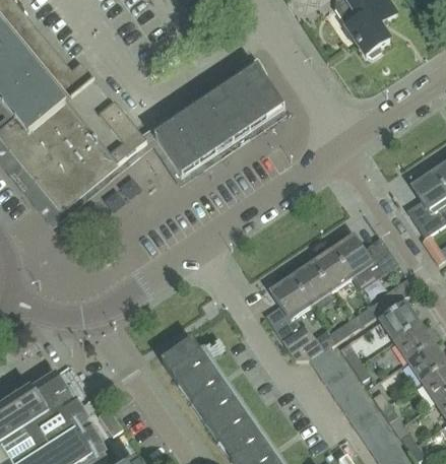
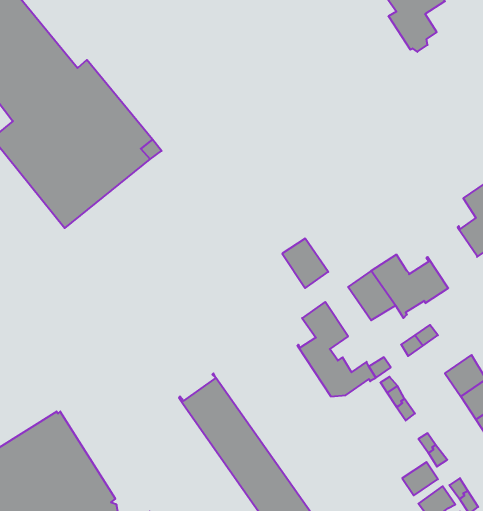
building: [150,60,284,176] -> none
building: [291,262,331,306] -> [282,239,328,288]
building: [383,302,420,338] -> none
building: [309,343,376,424] -> none

